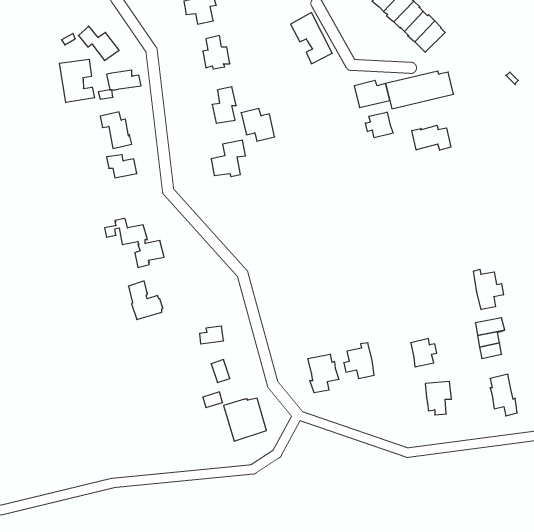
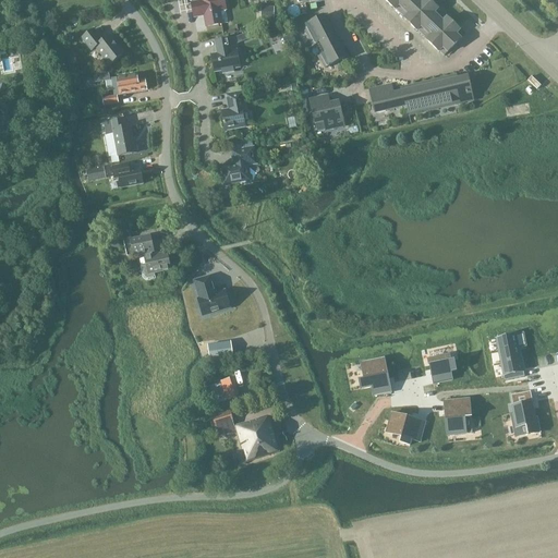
building: [59,59,95,103] -> none
building: [241,109,275,141] -> [310,95,344,129]
building: [365,112,393,138] -> none
building: [412,125,451,150] -> none
building: [473,269,503,310] -> none
building: [128,281,163,320] -> [194,274,230,314]
building: [308,354,339,393] -> none
building: none -> [389,411,425,444]

